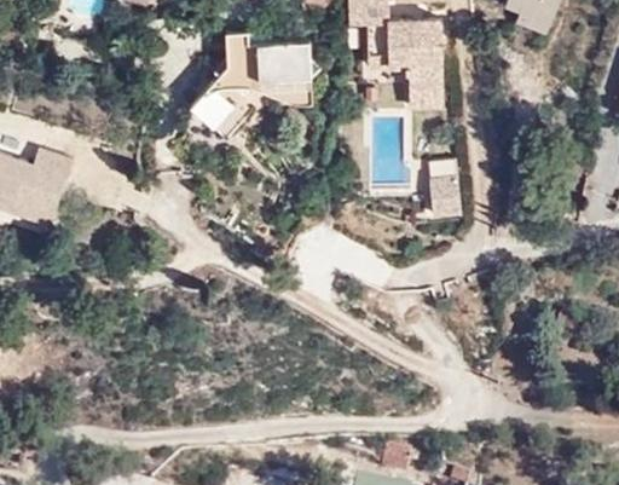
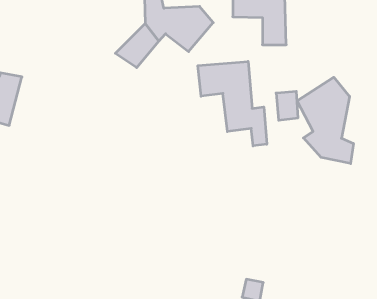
building: none -> [198,61,267,146]
building: none -> [297,77,353,164]

